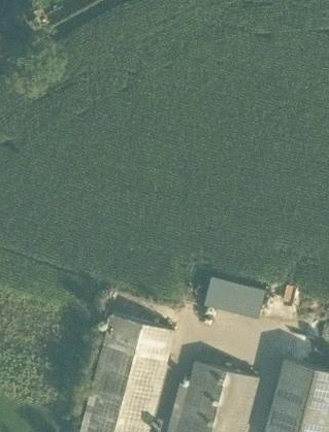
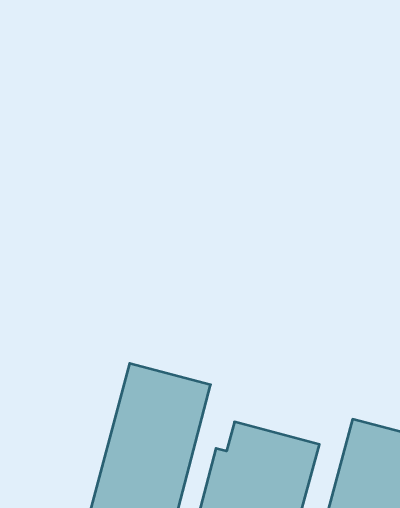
building: [198,271,262,315] -> none

